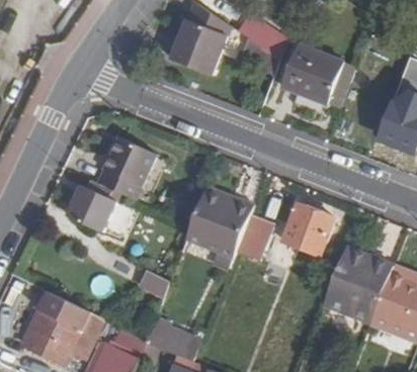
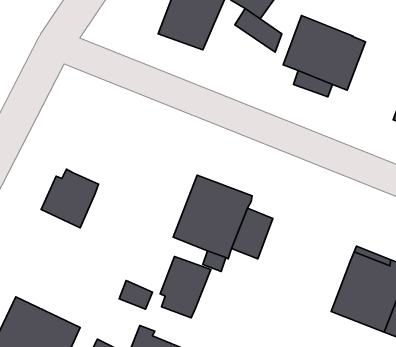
building: [96,136,155,199] -> none
building: [281,203,334,255] -> none
building: none -> [160,256,211,318]

